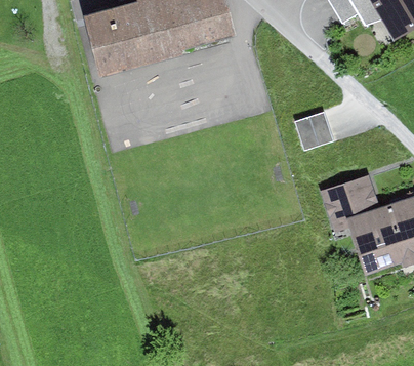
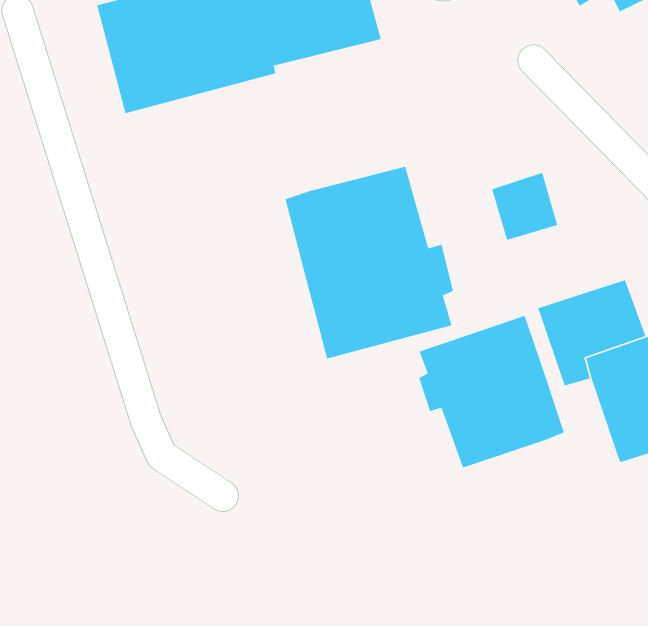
building: none -> [285,166,454,359]
building: none -> [418,315,565,468]

